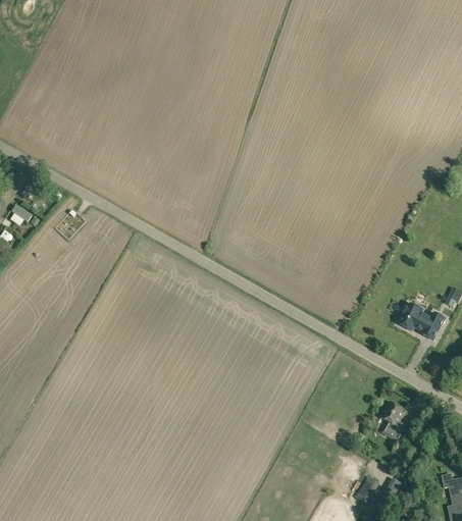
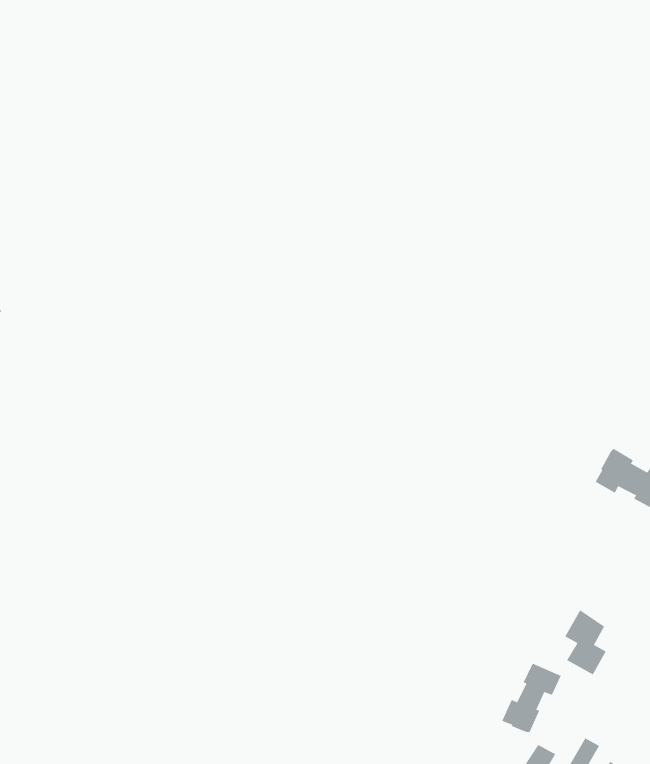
building: none -> [501,663,561,733]

